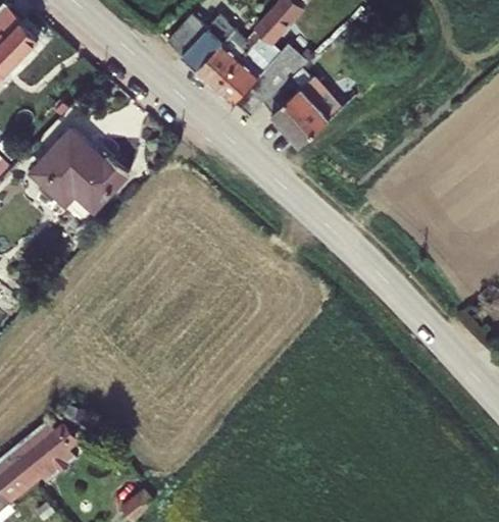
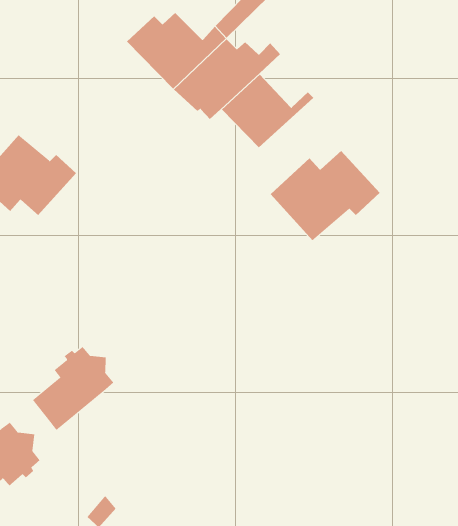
building: none -> [270,150,381,241]
building: none -> [32,346,114,431]

